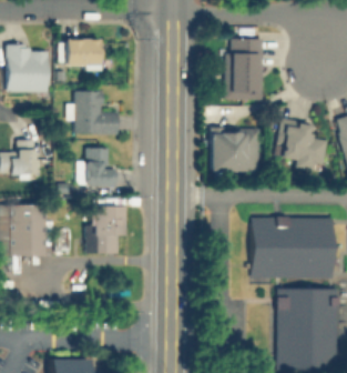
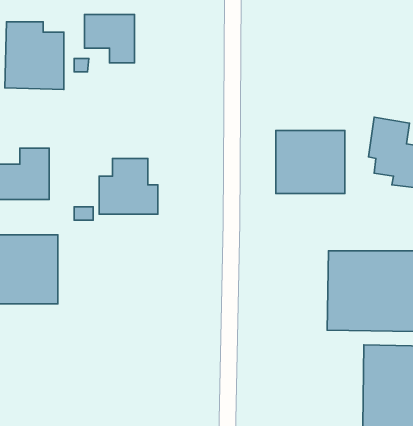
building: [224,37,268,103] -> none
building: [74,91,121,137] -> none
building: [85,205,126,251] -> none

